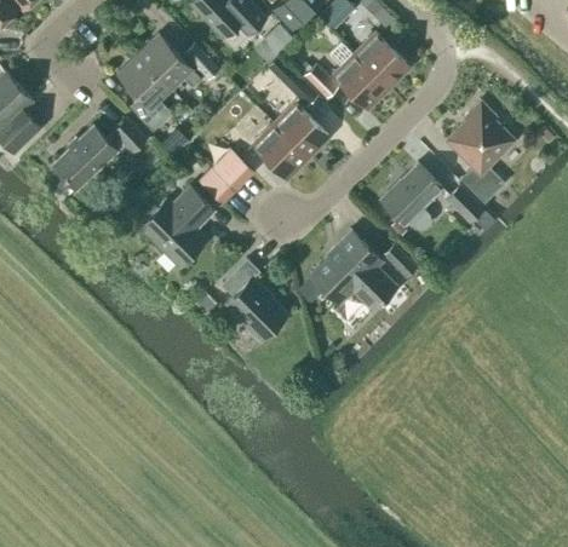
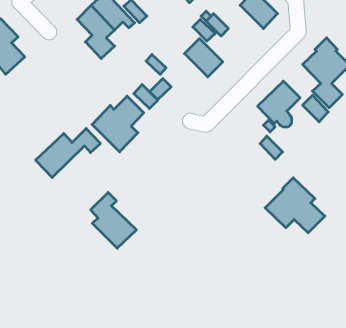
building: [333,54,389,109] -> none
building: [52,119,147,190] -> [36,128,100,178]
building: [253,125,308,179] -> none
building: [310,231,397,311] -> [265,178,325,233]
building: [222,260,288,341] -> [91,192,136,248]

